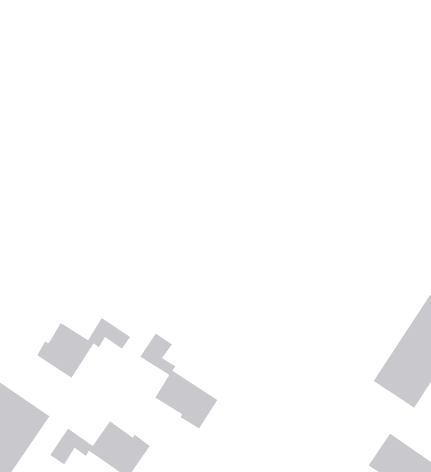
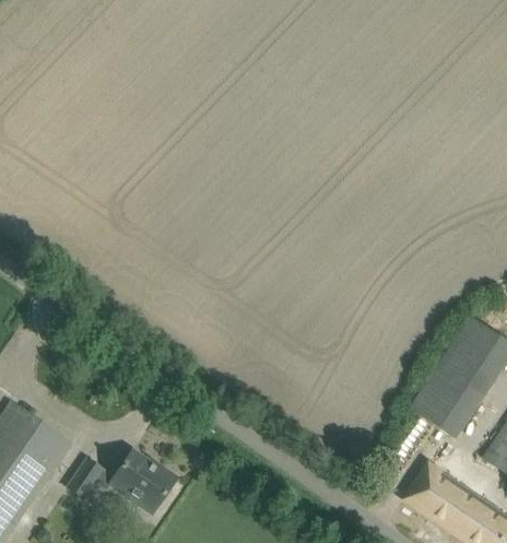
building: [36,317,131,379] -> none
building: [139,332,218,429] -> none

